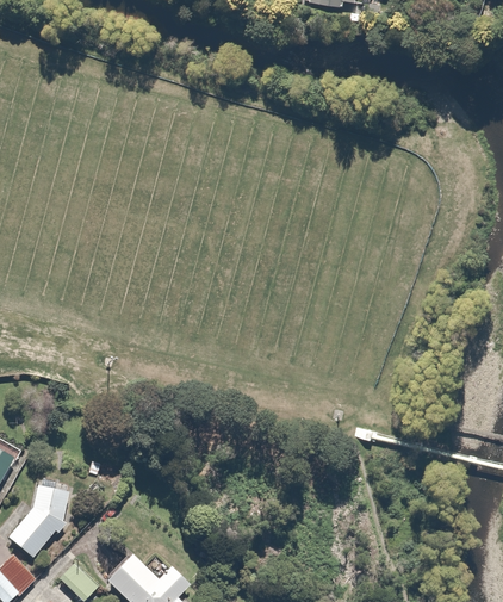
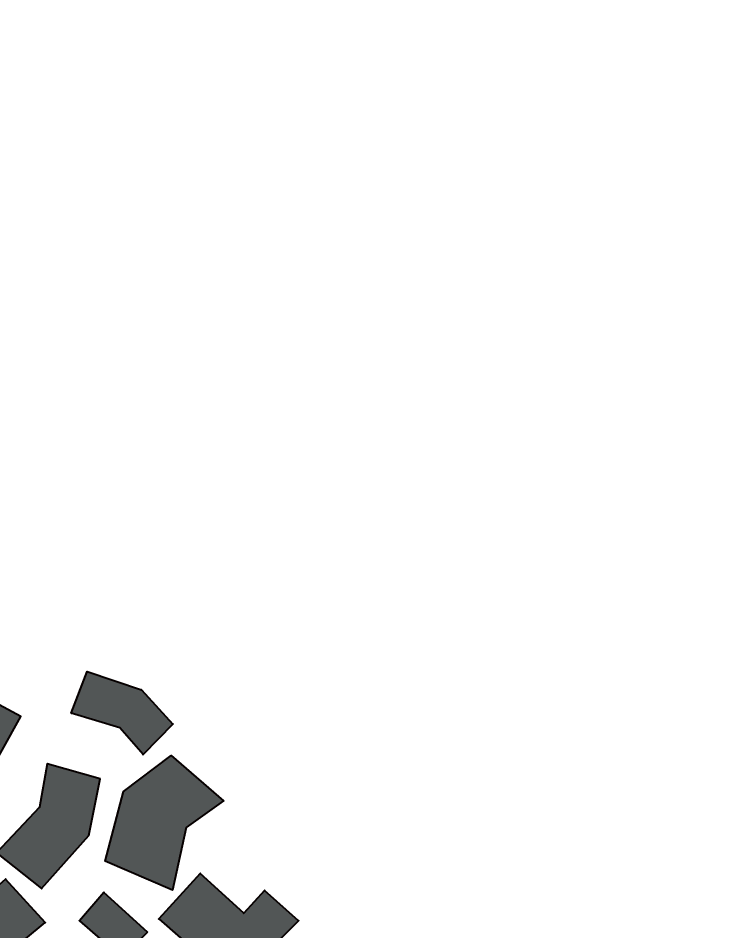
building: none -> [71,672,173,755]
building: none -> [105,756,224,890]

